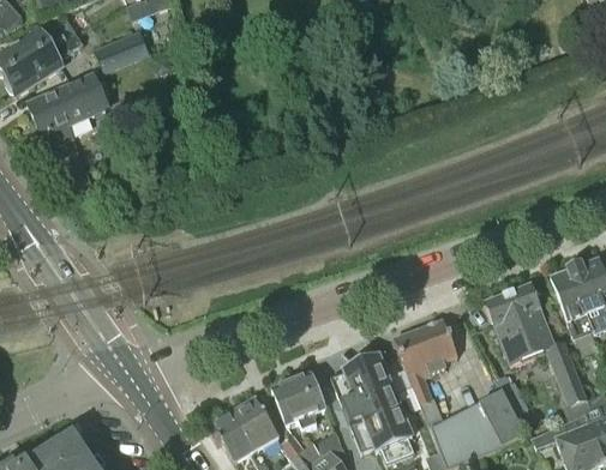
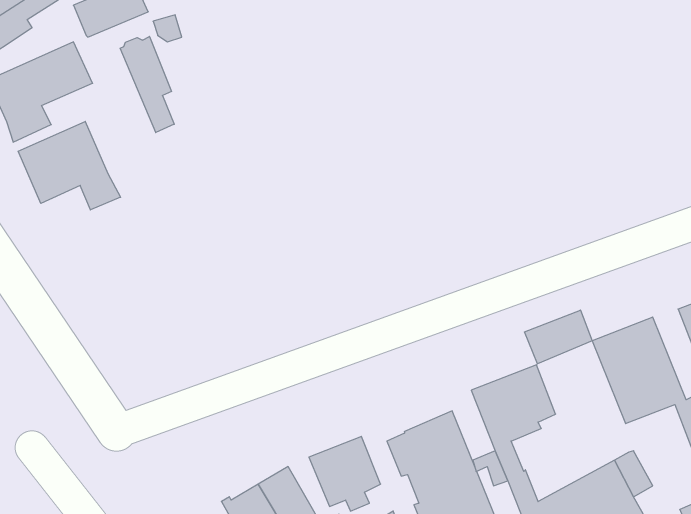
building: none -> [120,36,174,133]
building: none -> [18,121,121,210]
building: none -> [524,310,592,364]

